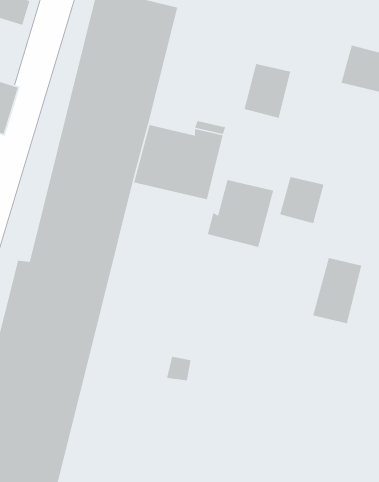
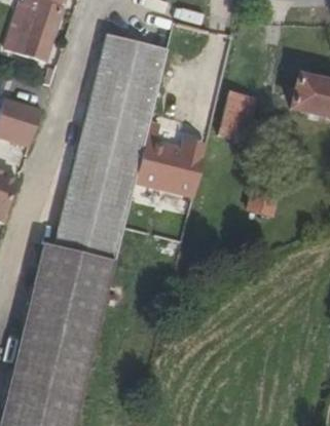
building: [207,179,274,248] -> none
building: [312,257,362,324] -> none

